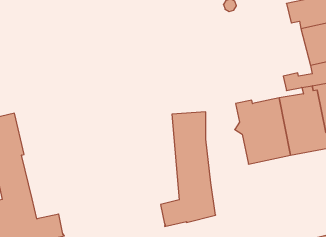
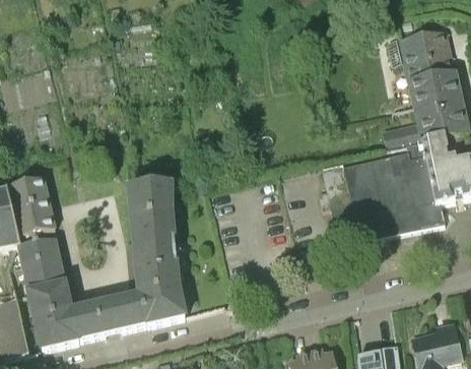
building: [161,112,216,226] -> [116,186,185,330]

